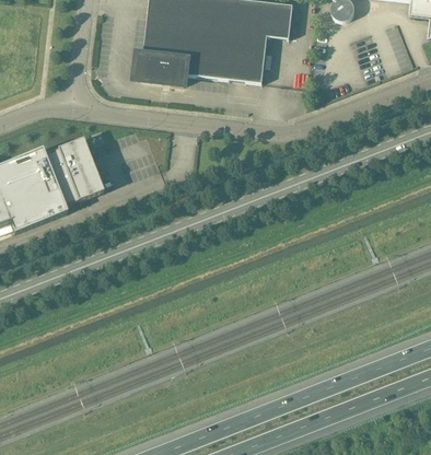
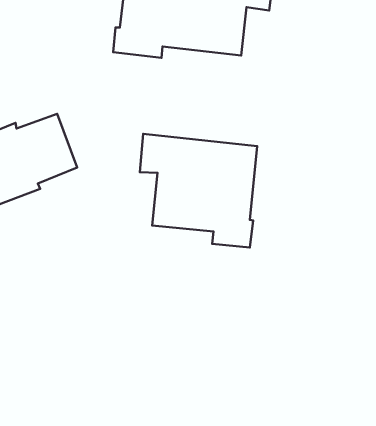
building: none -> [140,134,257,247]

